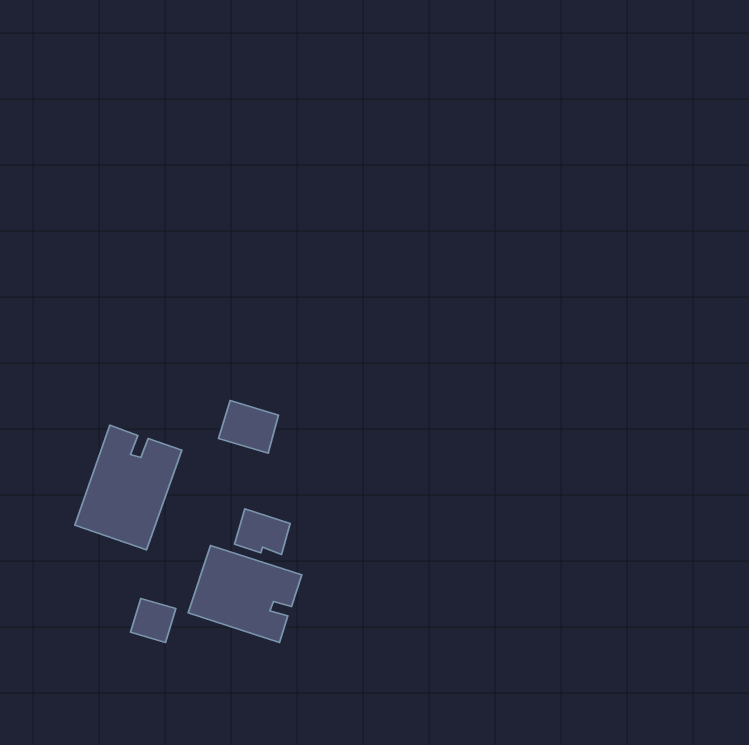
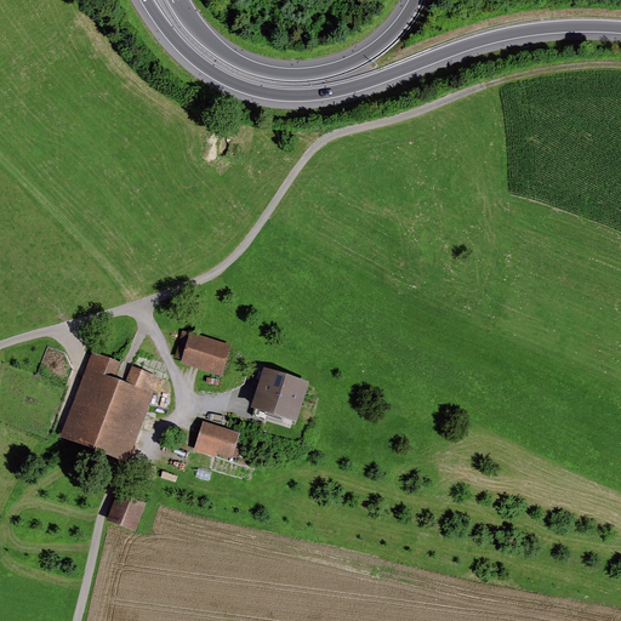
building: none -> [251,369,309,423]
building: [188,545,302,642] -> none

